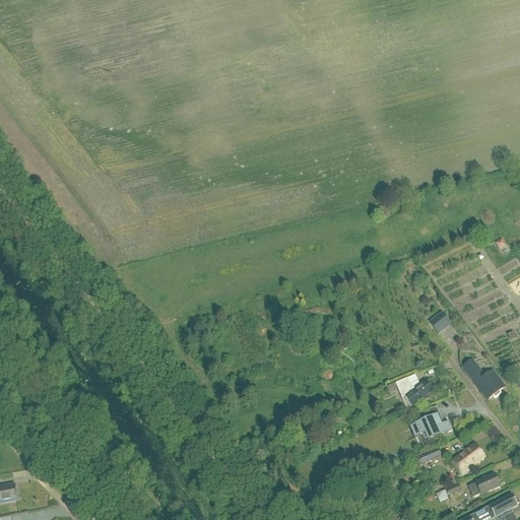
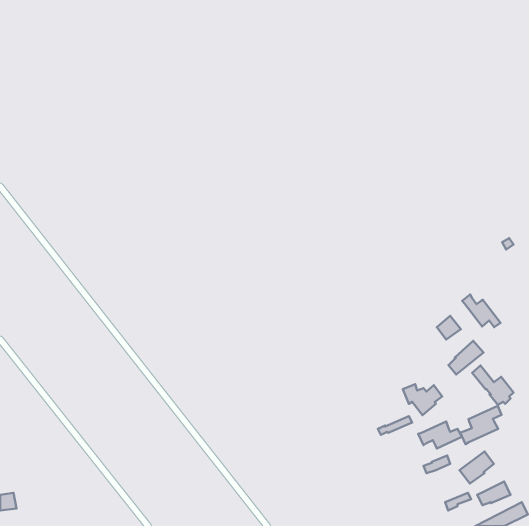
building: none -> [462,295,501,327]
building: none -> [449,341,483,374]
building: none -> [460,406,501,444]

